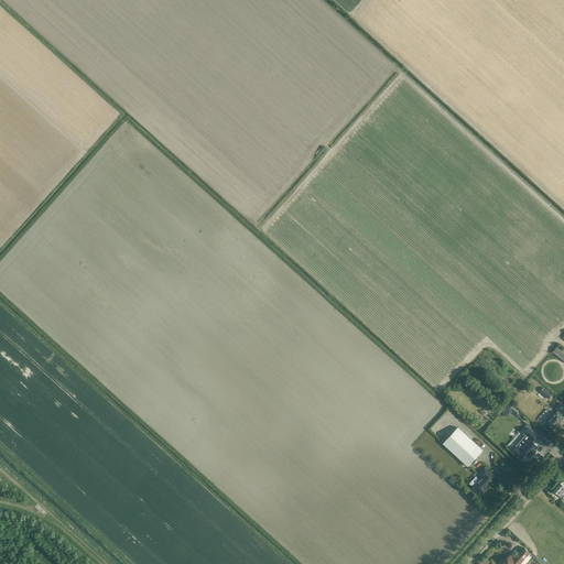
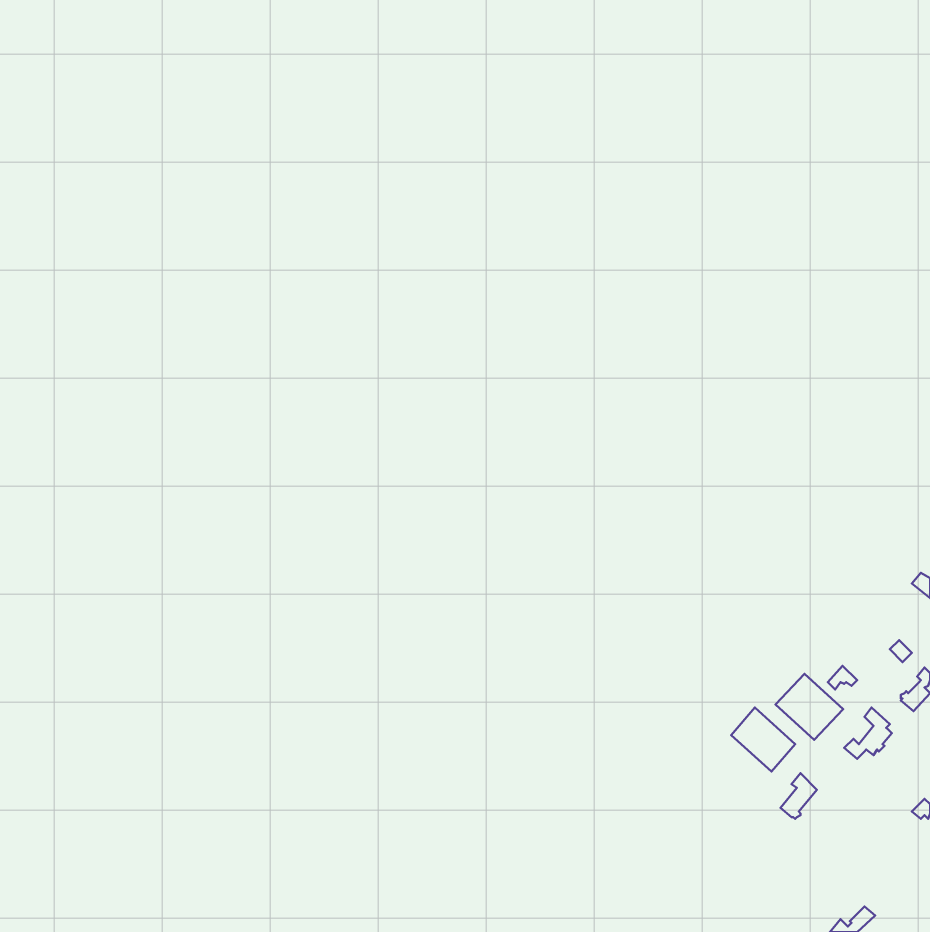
building: none -> [776,674,843,740]

